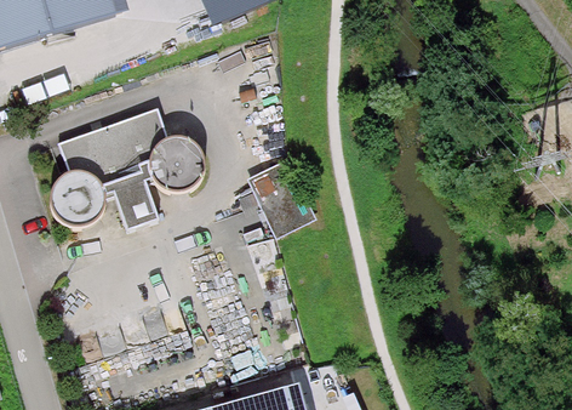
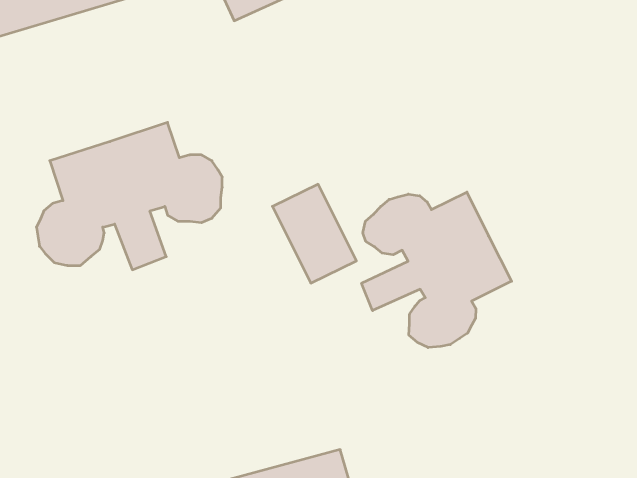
building: none -> [362,192,512,348]

